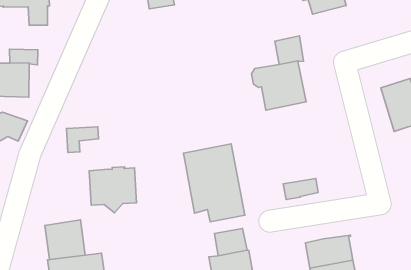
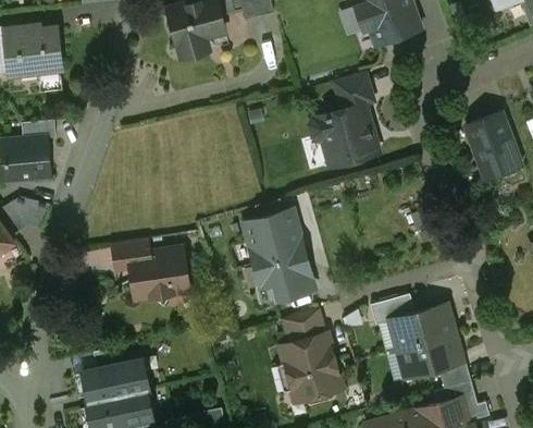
building: [66,127,99,153] -> [112,240,151,273]
building: [283,178,318,200] -> [371,296,413,325]
building: [45,220,85,259] -> none

